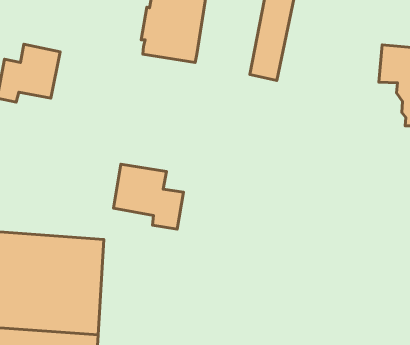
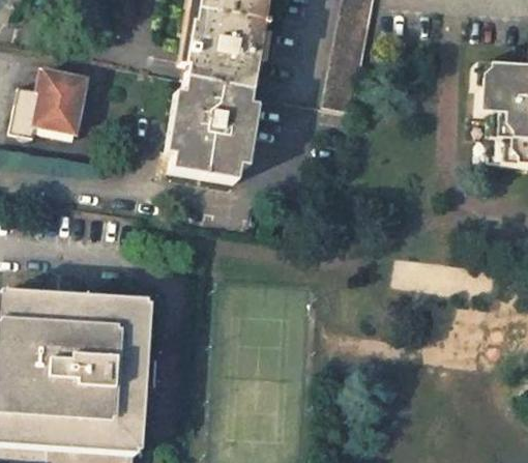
building: none -> [172,76,257,177]
building: [113,164,184,229] -> none

